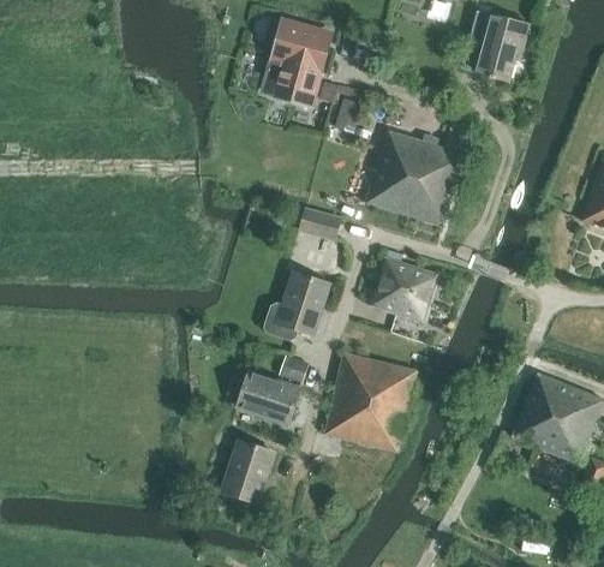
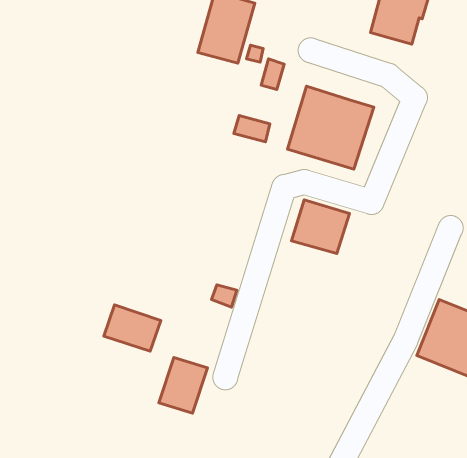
building: [299,208,340,238] -> [234,116,270,142]
building: [264,271,329,339] -> none
building: [327,352,417,449] -> none
building: [235,370,300,423] -> [104,305,161,351]

